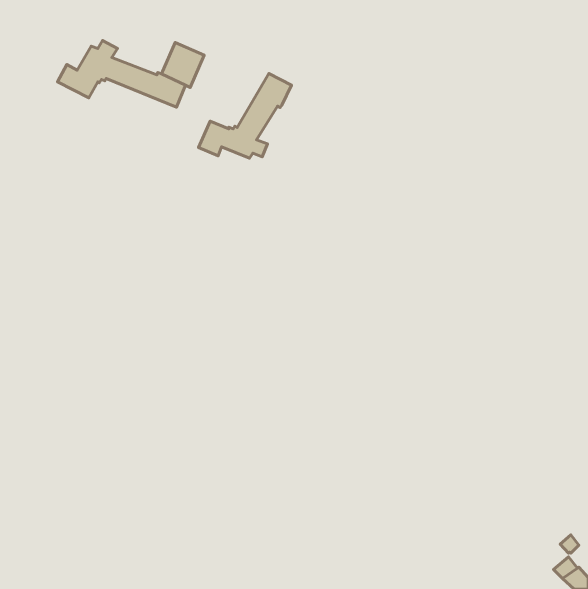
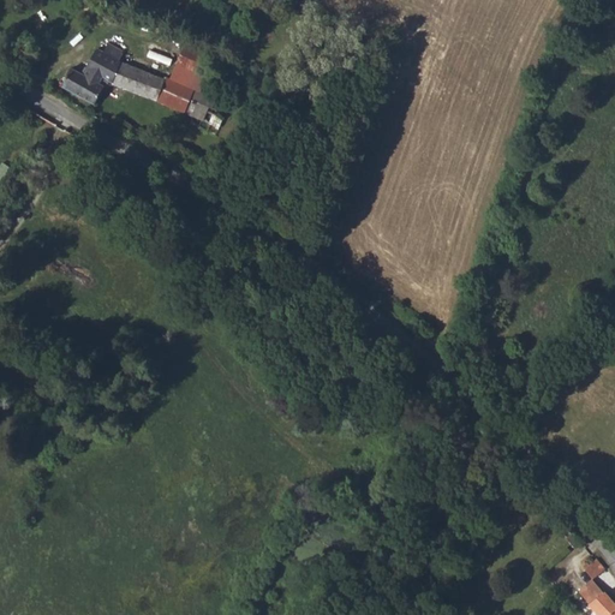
building: [199,74,292,158] -> none

